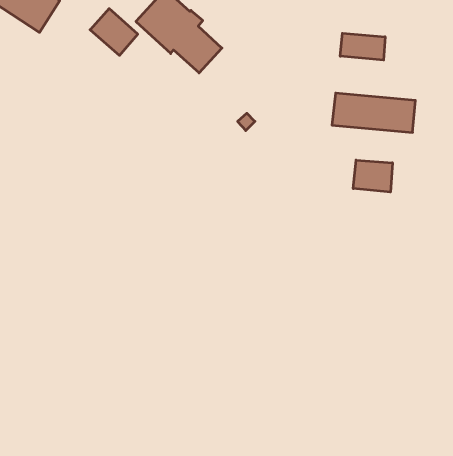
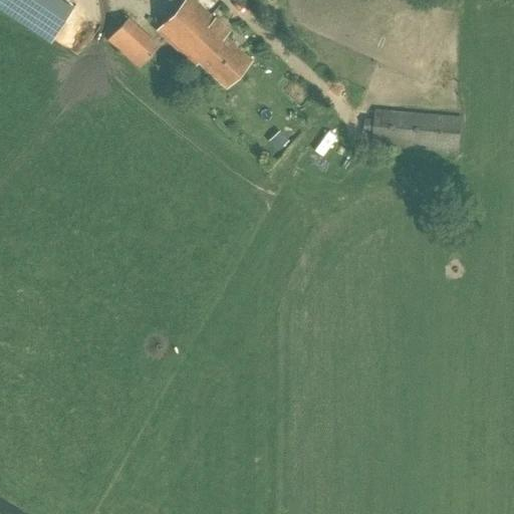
building: [340,33,385,60] -> none
building: [353,160,392,192] -> none

